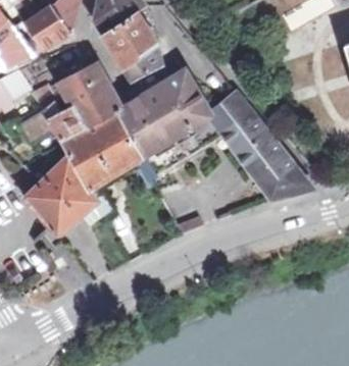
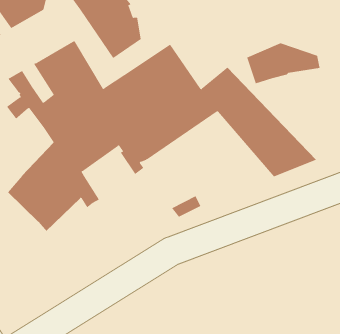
building: none -> [246,42,320,84]

